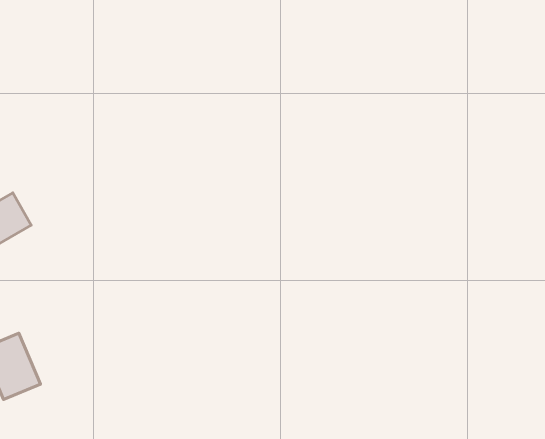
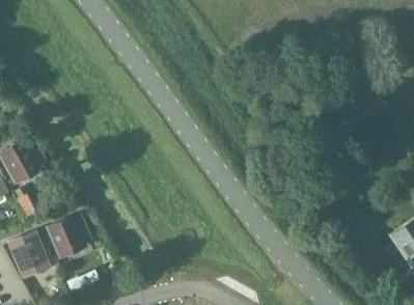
building: none -> [49,216,88,251]

